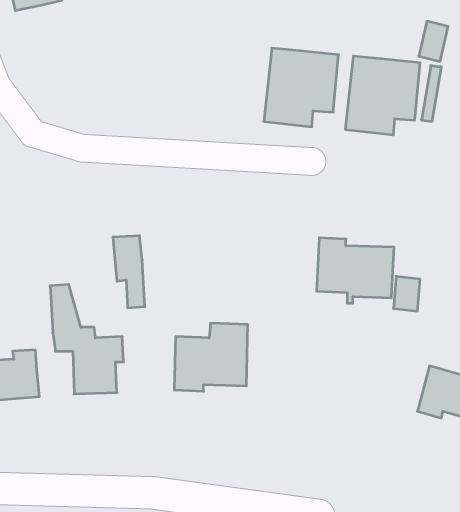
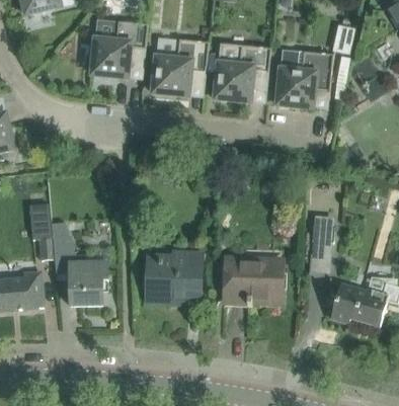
building: none -> [90,20,147,78]
building: none -> [151,38,208,96]
building: [113,236,145,308] -> [28,205,53,259]
building: [317,238,394,303] -> [223,257,282,307]

